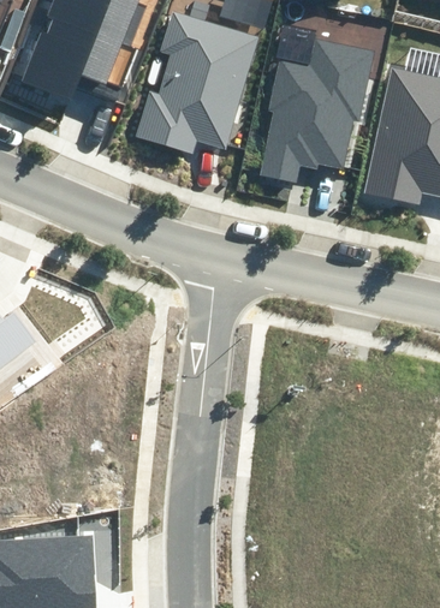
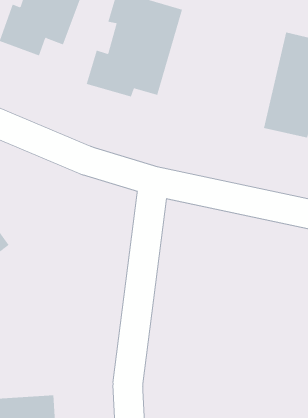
building: [261,38,374,183] -> none

